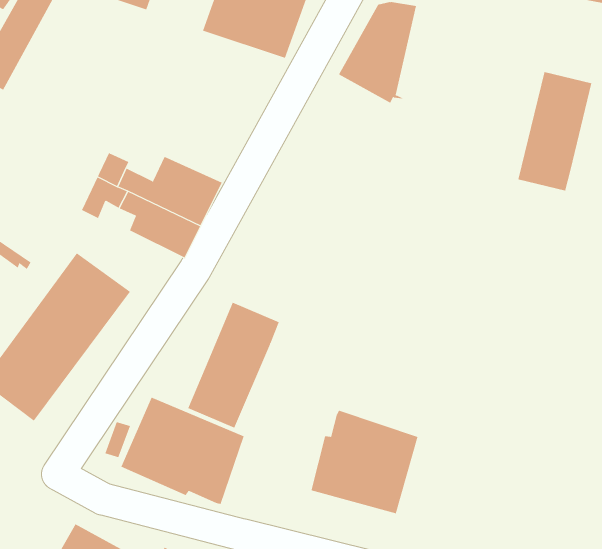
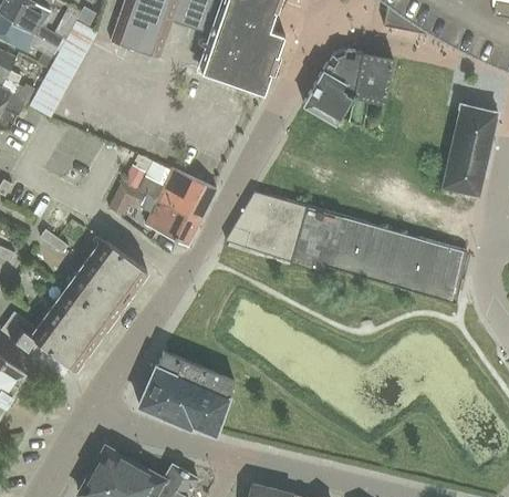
building: none -> [347,54,392,126]
building: none -> [225,191,465,303]
building: [187,302,279,428] -> none
building: [311,410,418,514] -> none

